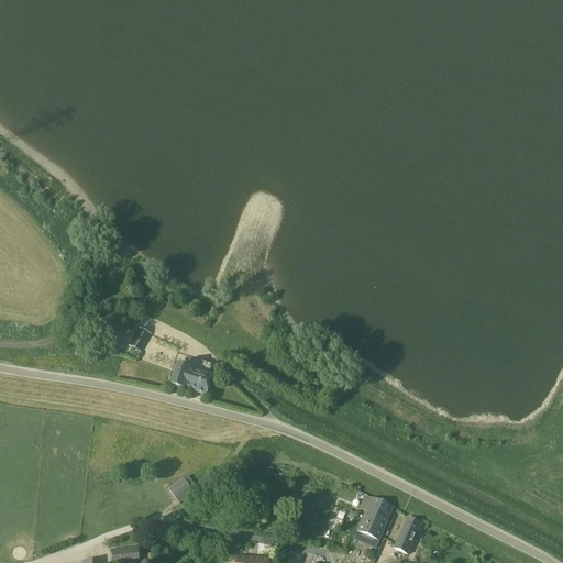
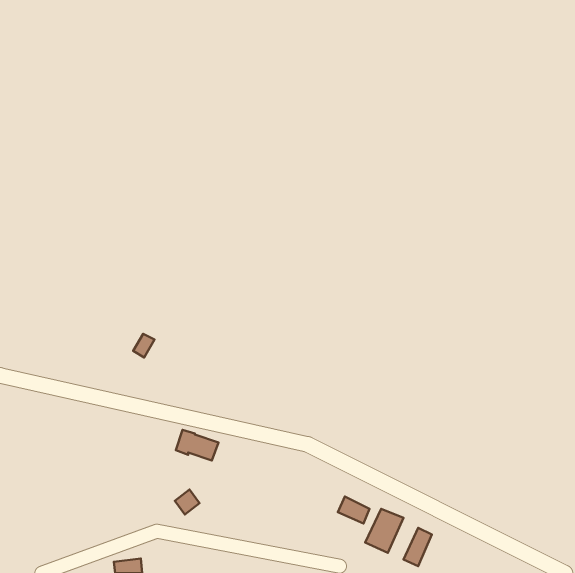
building: [172,363,213,393] -> [176,430,219,460]
building: none -> [338,497,370,524]

